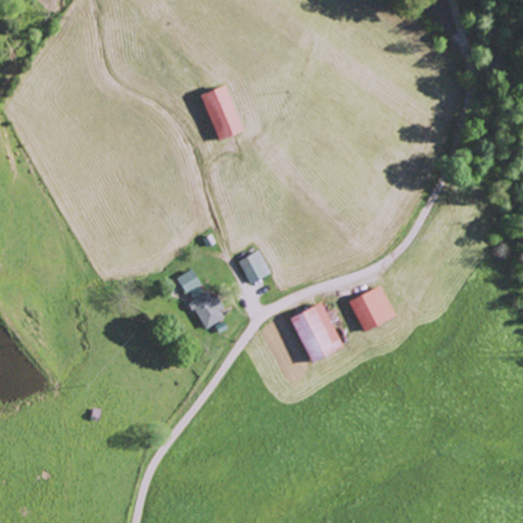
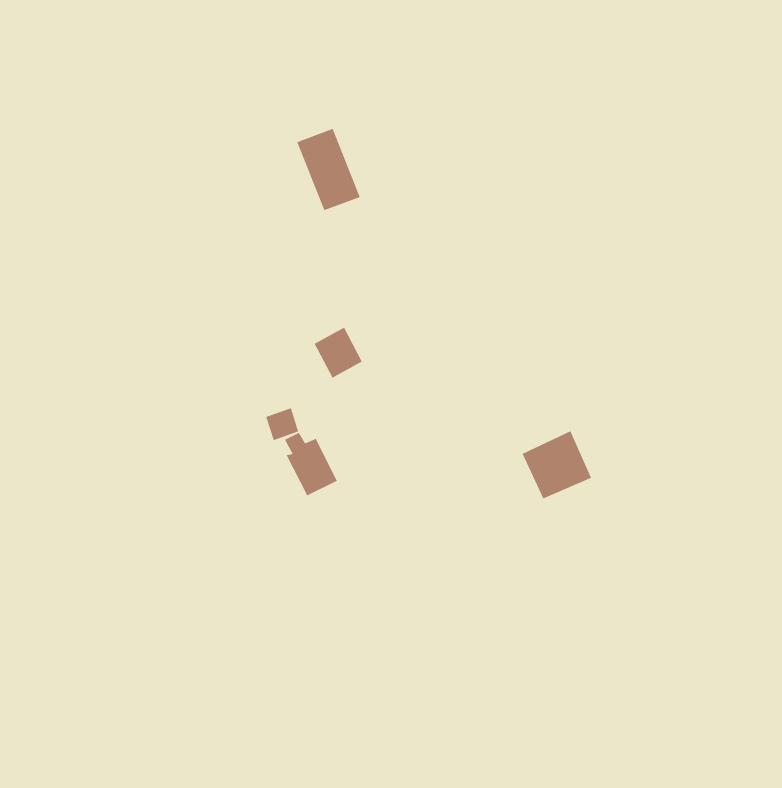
building: [240,249,273,284] -> [314,326,363,379]
building: [289,302,342,363] -> none

